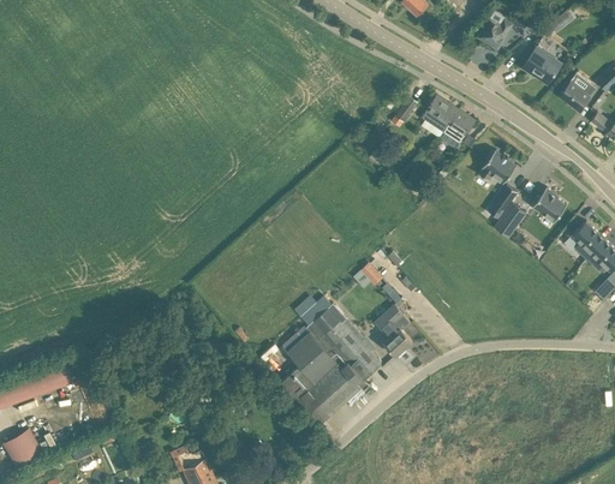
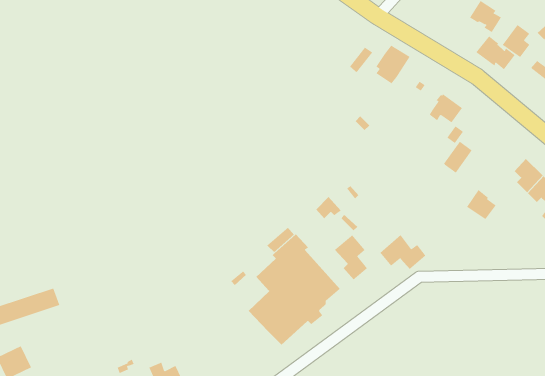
building: none -> [476,36,515,70]
building: [443,108,476,144] -> none
building: [533,186,567,220] -> [466,189,497,220]
building: none -> [379,234,426,270]

